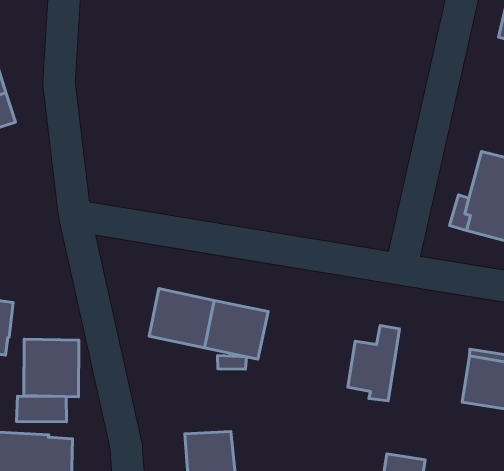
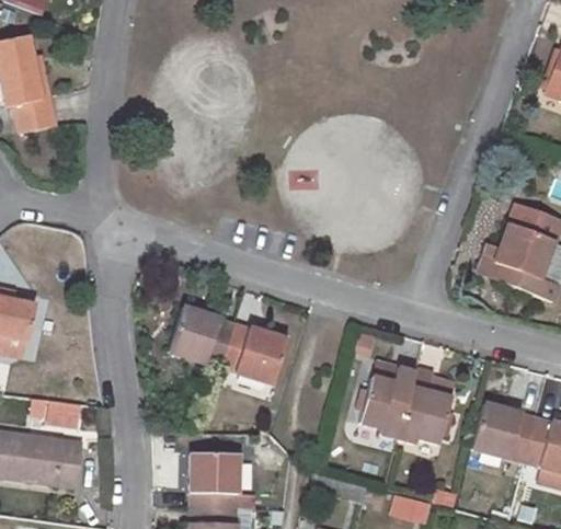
building: none -> [398,369,451,444]
building: [24,339,79,397] -> none

